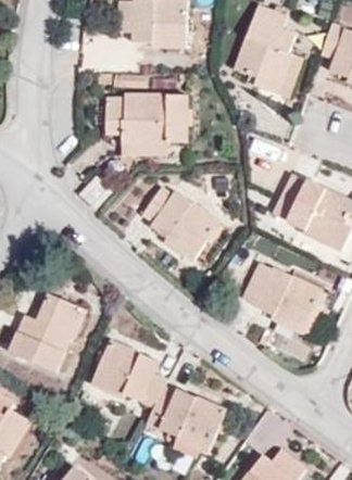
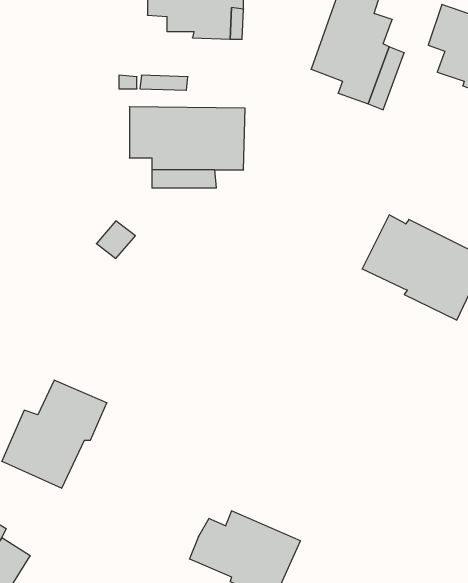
building: [142,186,219,261] -> none
building: [241,263,322,332] -> none
building: [92,341,168,407] -> none

